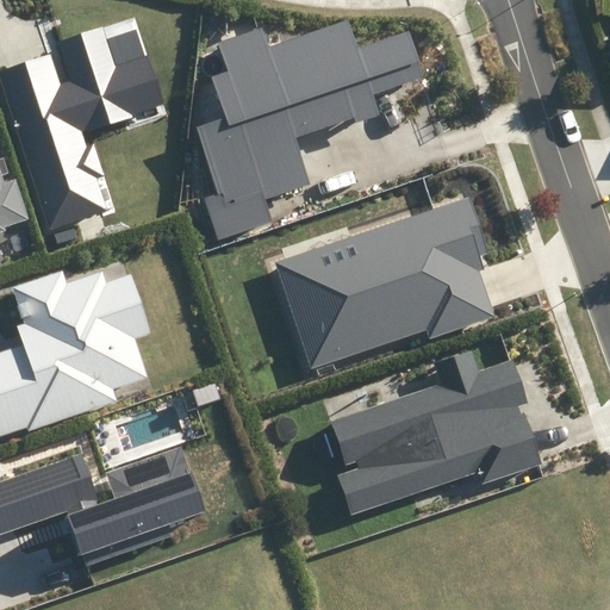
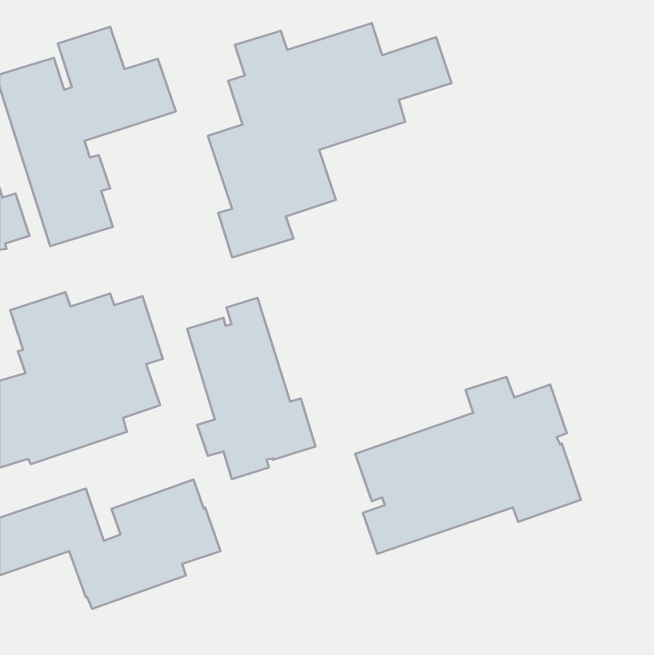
building: [274,197,494,369] -> none
building: none -> [187,298,316,479]

